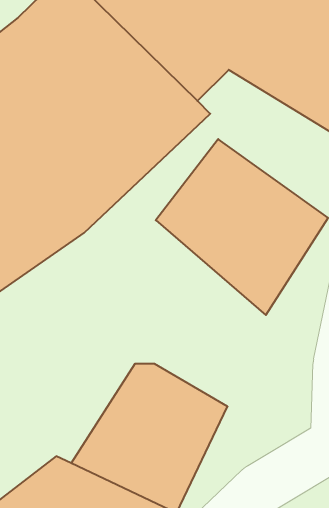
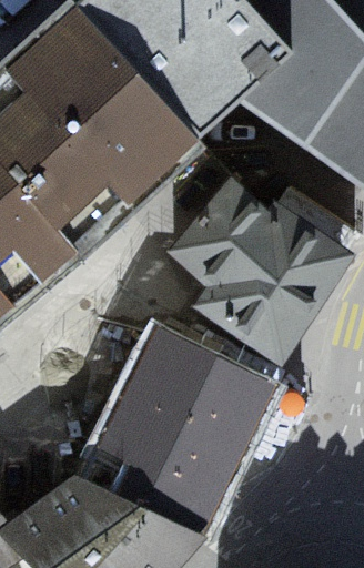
building: none -> [163,335,255,428]

